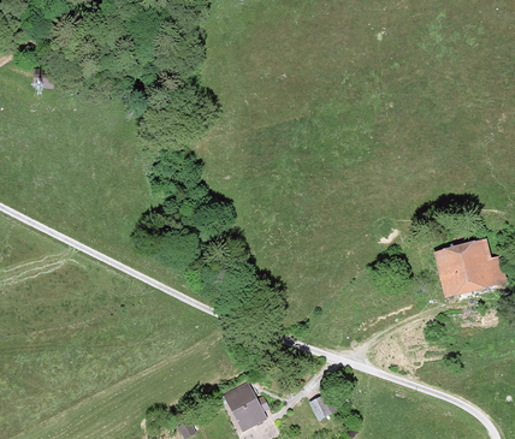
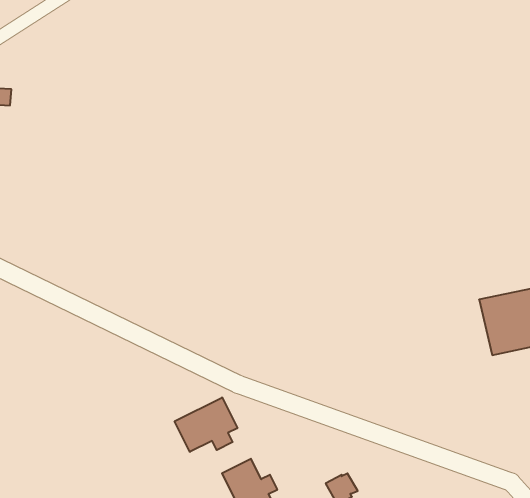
building: none -> [175,397,237,452]

